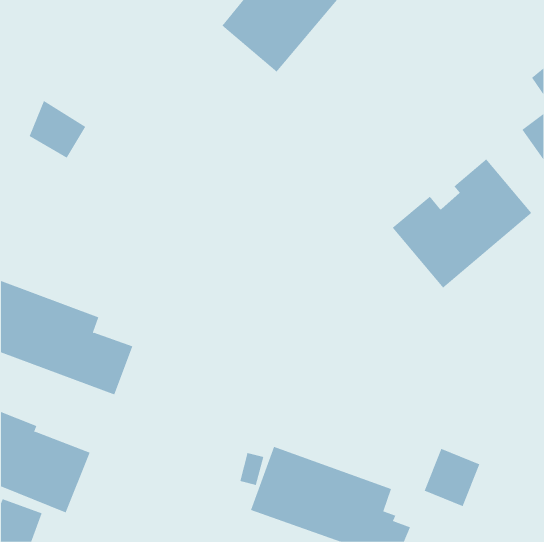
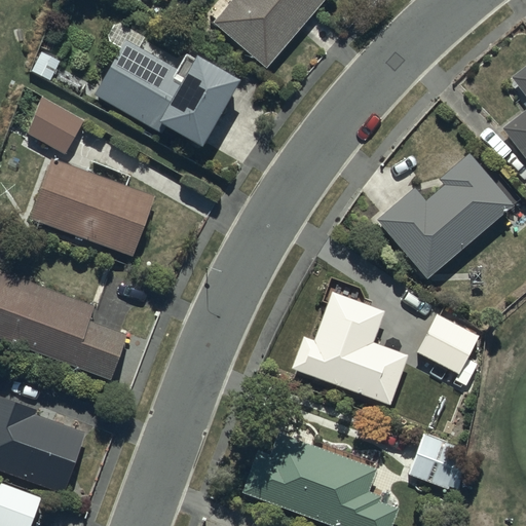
building: none -> [93,39,240,149]
building: none -> [28,158,154,255]
building: none -> [291,293,409,407]
building: none -> [418,315,478,385]

